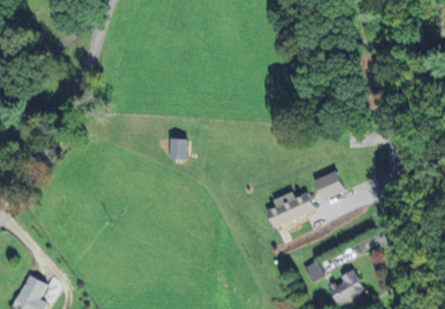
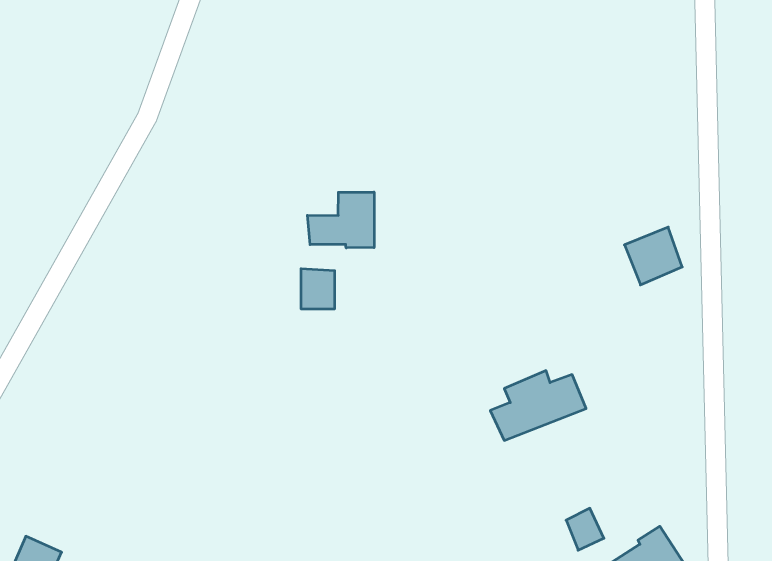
building: none -> [307,192,374,248]
building: [314,170,344,200] -> [624,227,682,285]

